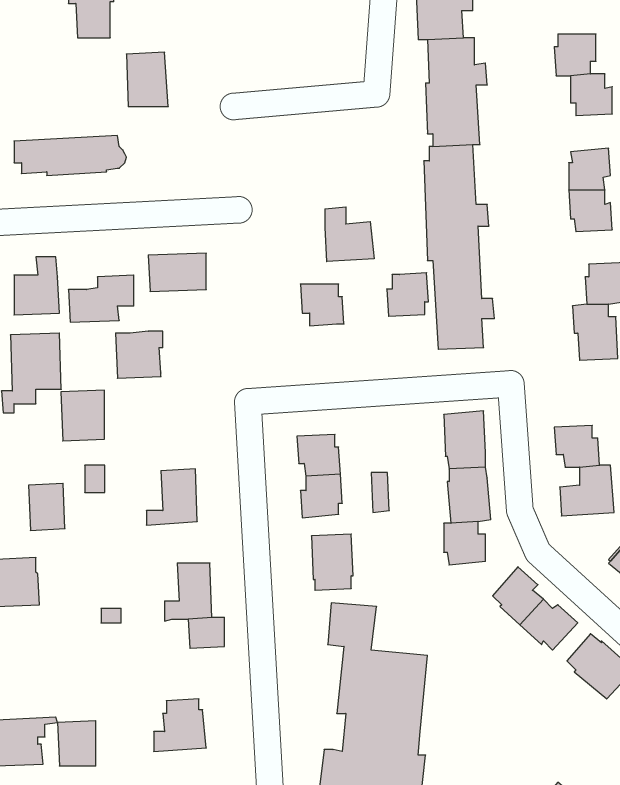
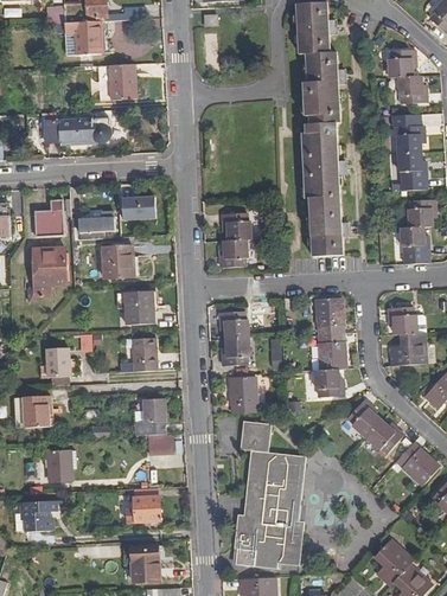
building: [325,207,374,262] -> none
building: [387,273,428,316] -> [219,241,247,269]
building: [61,390,104,441] -> [123,289,152,322]
building: [58,721,96,766] -> [45,450,70,480]

